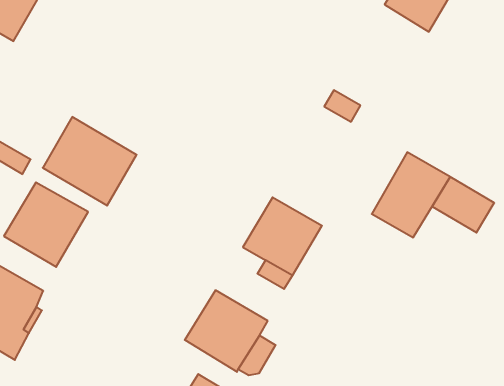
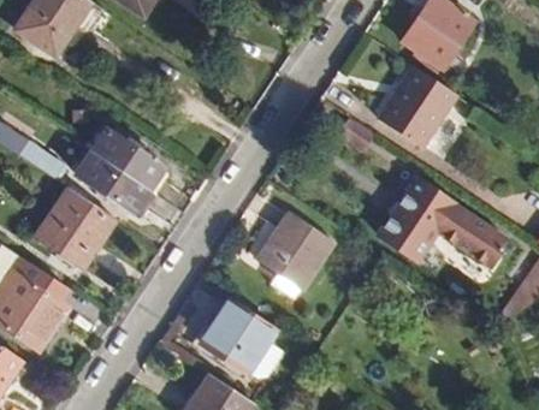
building: none -> [378,65,457,148]

